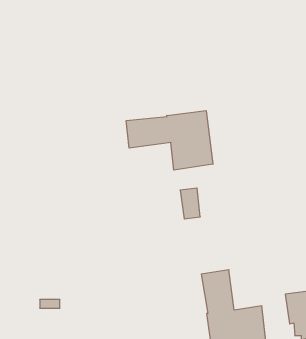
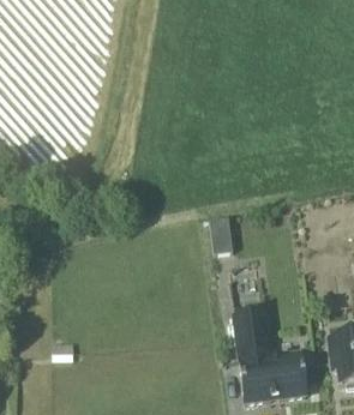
building: [126,111,213,170] -> none

